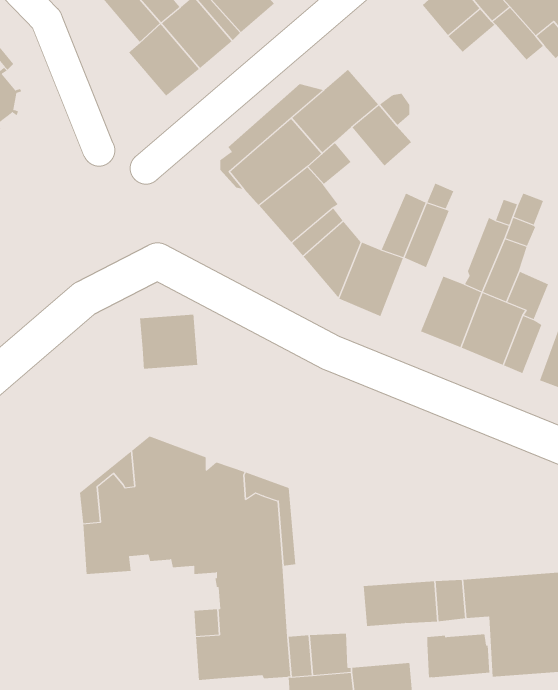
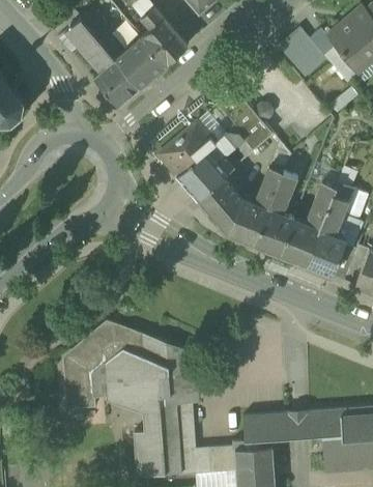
building: none -> [254,208,293,255]
building: [140,314,198,369] -> none
building: [426,634,490,678] -> [232,440,272,468]

